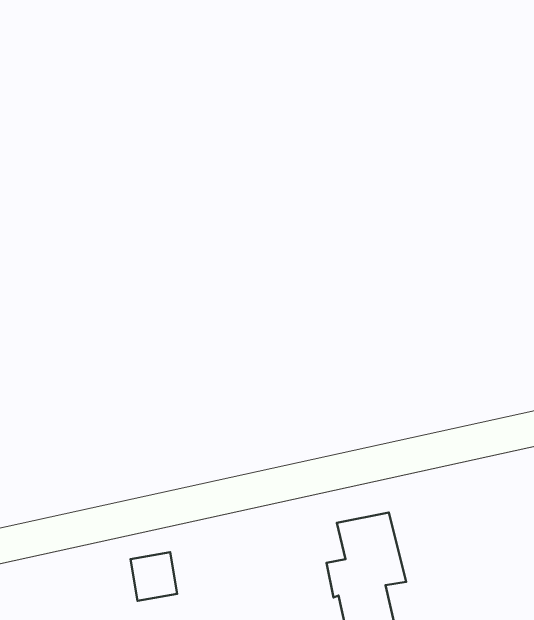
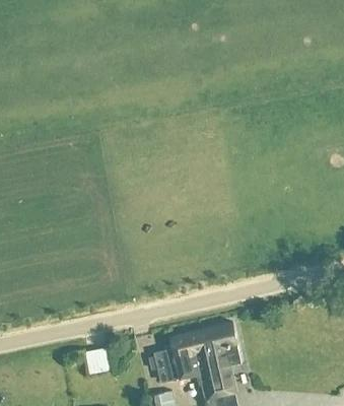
building: none -> [154,331,206,383]

